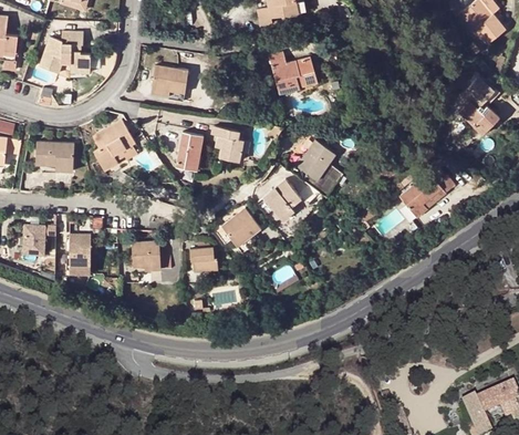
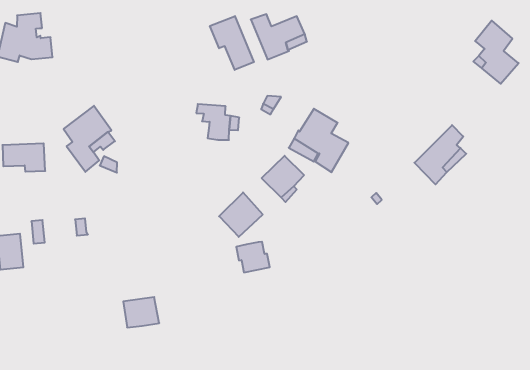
building: none -> [210,16,254,70]
building: [150,65,187,93] -> none
building: [177,133,201,169] -> none
building: [66,234,91,276] -> none
building: [132,241,162,266] -> [123,297,159,327]
building: [190,247,218,272] -> [236,242,270,272]

